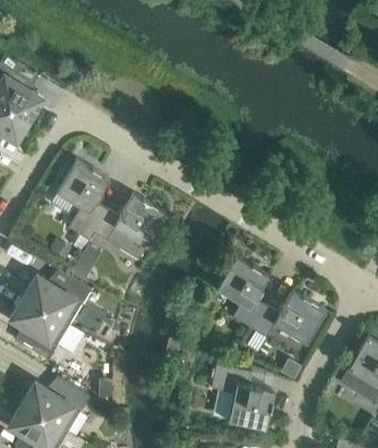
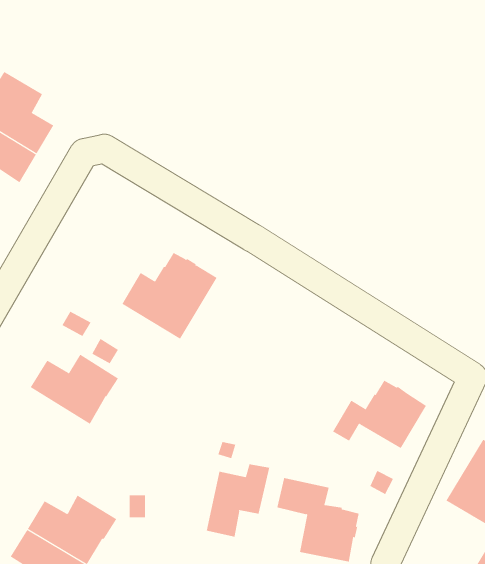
building: [57,159,109,241] -> none
building: [216,256,269,330] -> none
building: [11,296,70,361] -> none
building: none -> [206,463,270,538]

